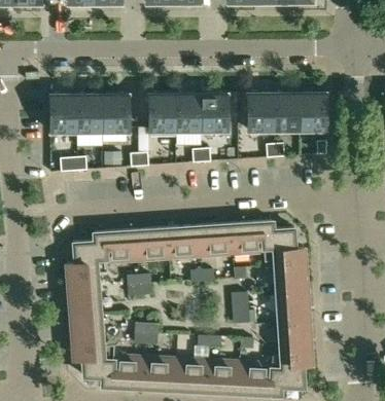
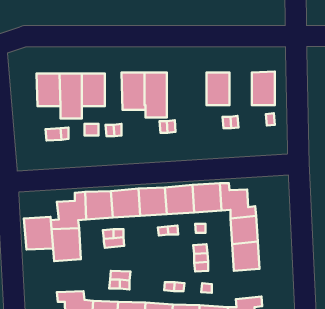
building: [200,93,226,131] -> none
building: [273,93,299,131] -> none
building: [69,309,103,348] -> [24,217,53,250]
building: [278,321,310,356] -> none

